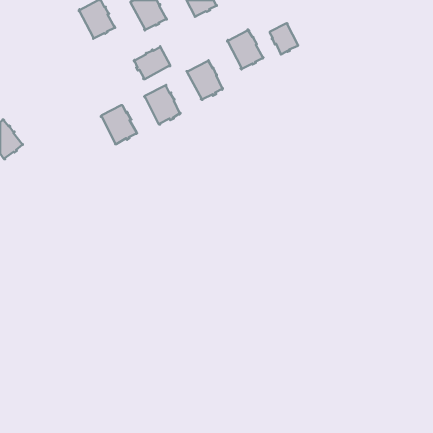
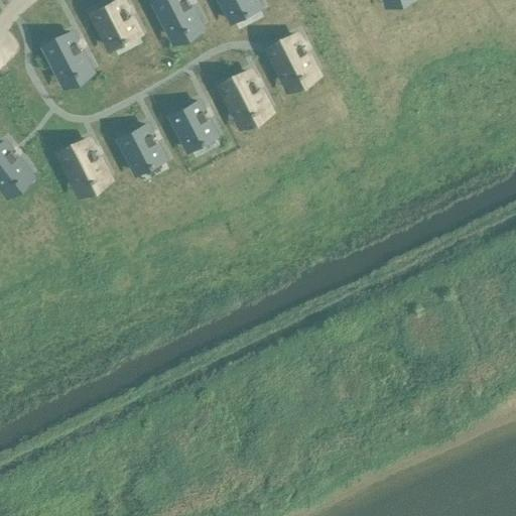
building: [270,23,298,54] -> none
building: none -> [45,32,88,80]
building: [134,46,170,79] -> none
building: none -> [61,140,105,187]

